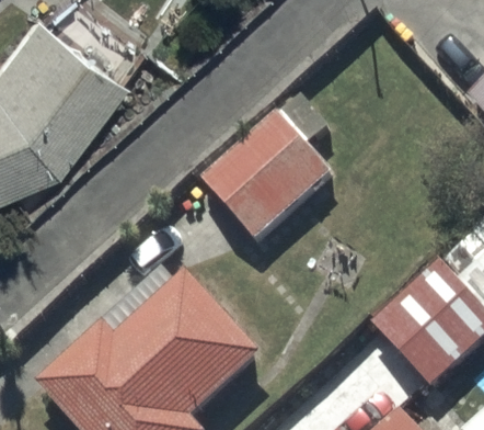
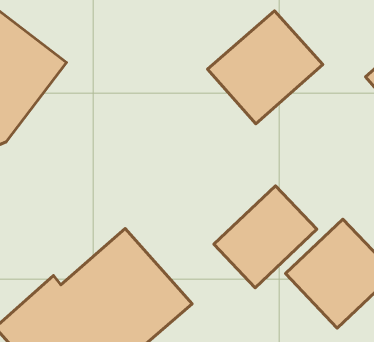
building: [200,108,334,239] -> [208,11,323,124]
building: none -> [214,186,317,288]

